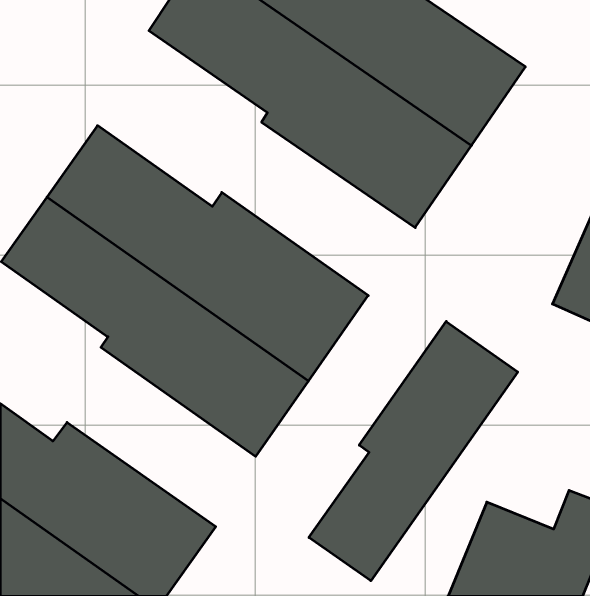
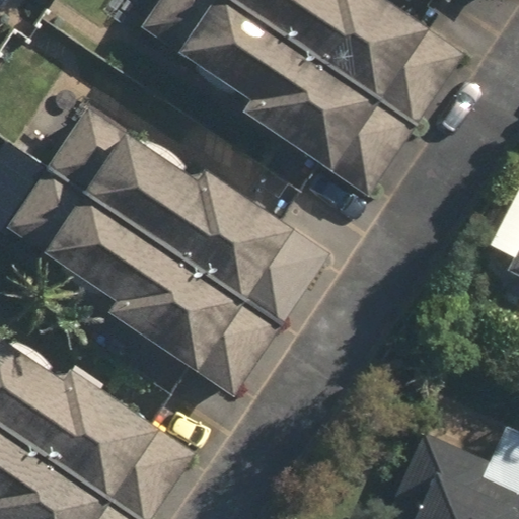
building: [309,321,518,581] -> none

